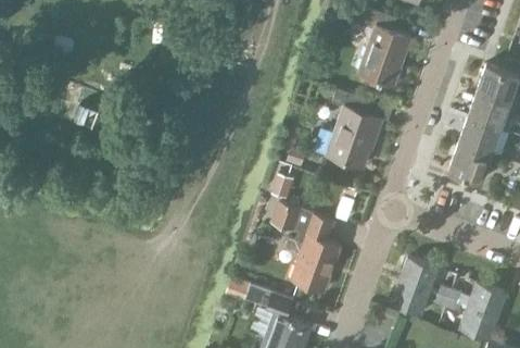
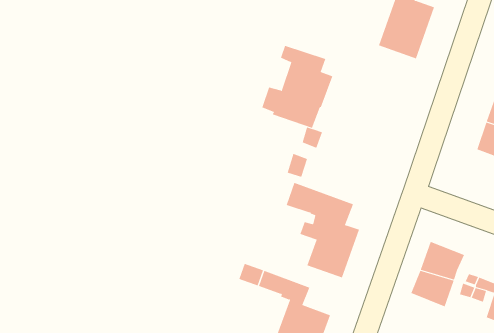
building: [316,90,383,169] -> [262,45,333,128]

